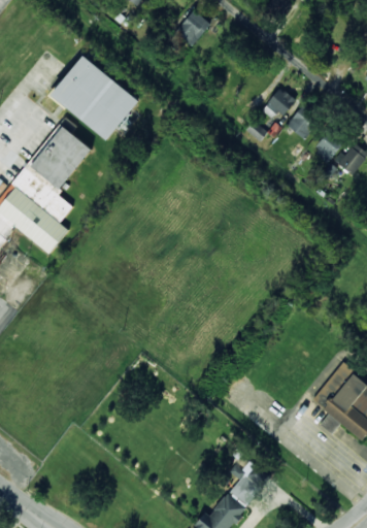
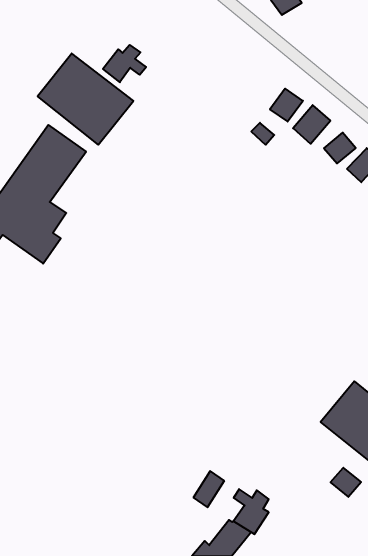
building: [175,10,211,46] -> none
building: none -> [103,45,146,82]
building: none -> [331,468,361,497]
building: none -> [194,471,224,507]

